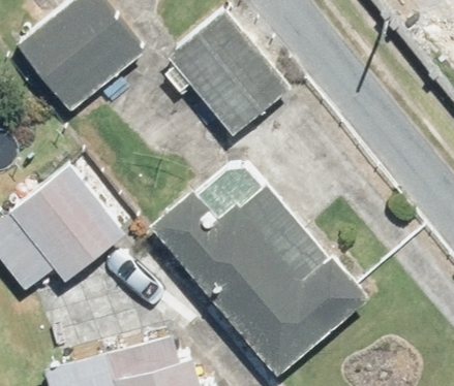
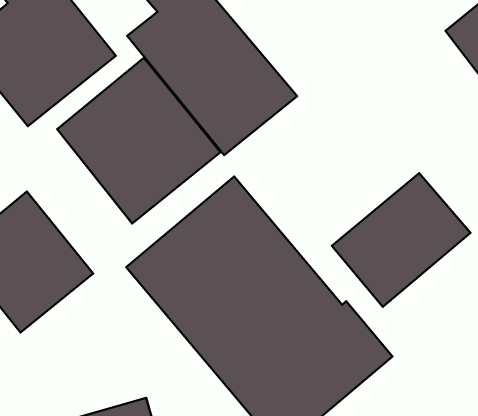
building: none -> [57,58,221,223]
building: none -> [332,173,470,307]

